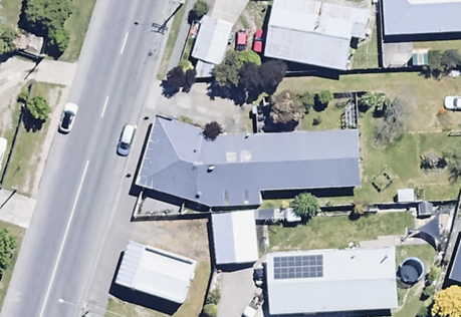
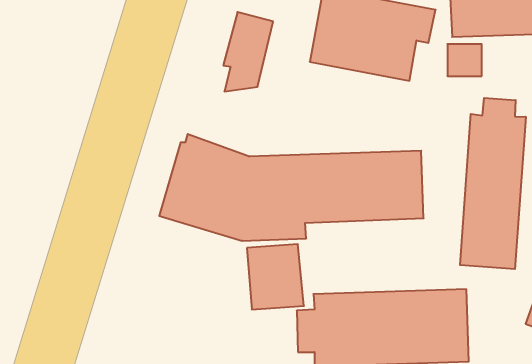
building: none -> [460,98,526,269]
building: [116,240,195,303] -> none

